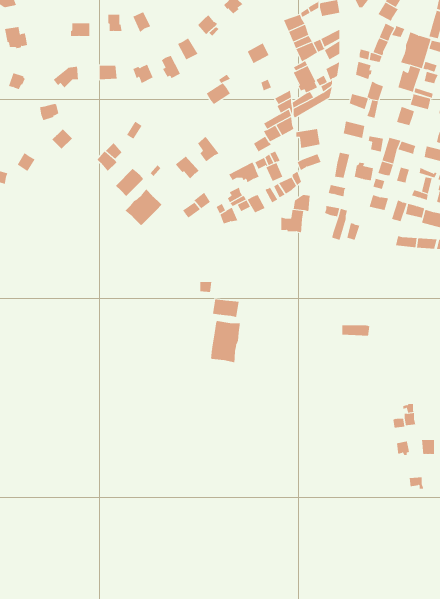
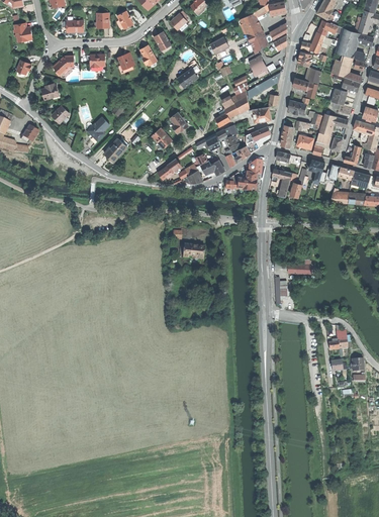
building: [125,188,162,226] -> none
building: [210,320,240,363] -> none

